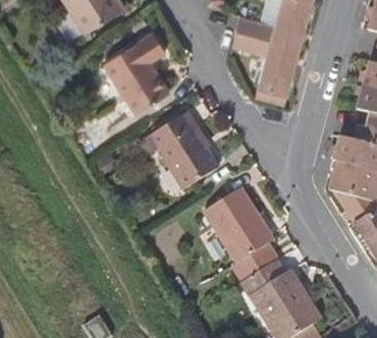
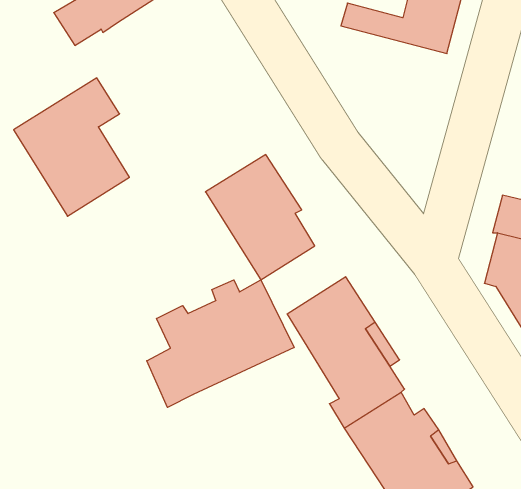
building: [101,30,173,116] -> [14,78,129,216]
building: [231,30,303,106] -> none
building: none -> [147,280,294,407]

